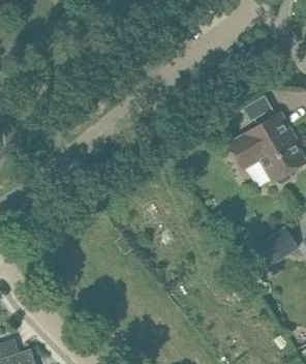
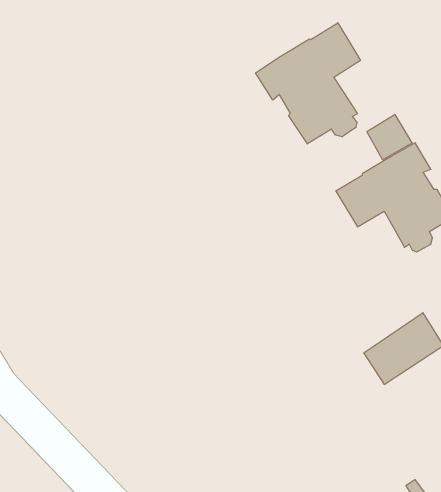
building: none -> [256,23,361,144]

